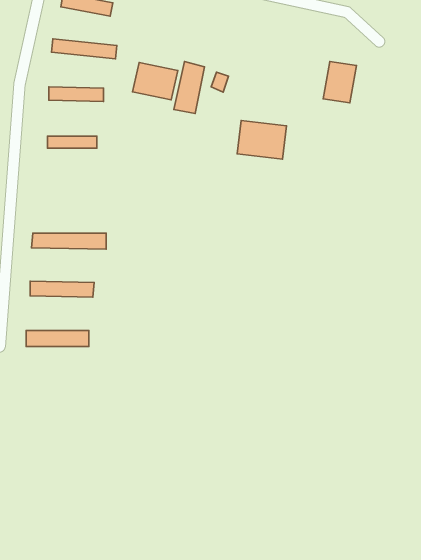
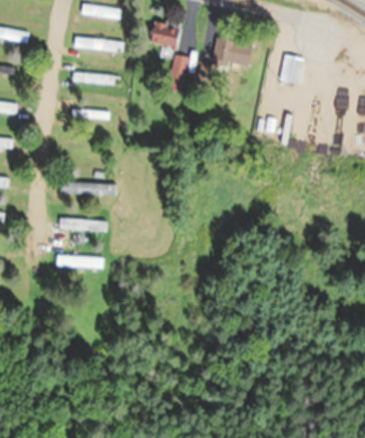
building: [133,63,178,100] -> [148,20,182,48]
building: [237,120,286,159] -> [213,38,250,67]

